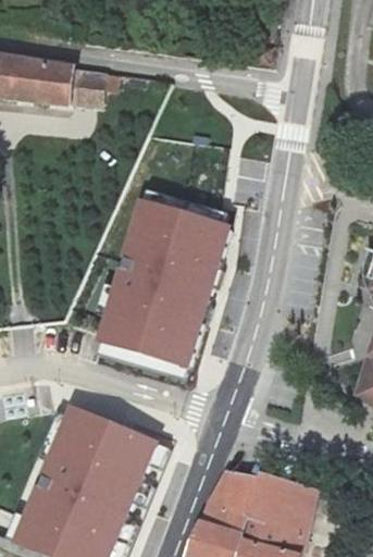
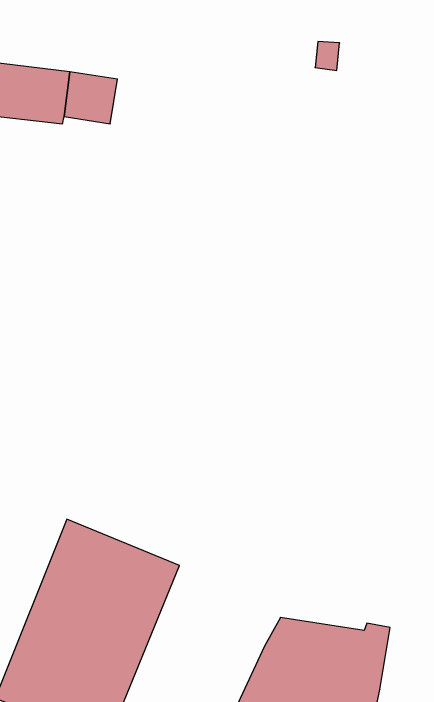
building: [98,199,225,362] -> none

